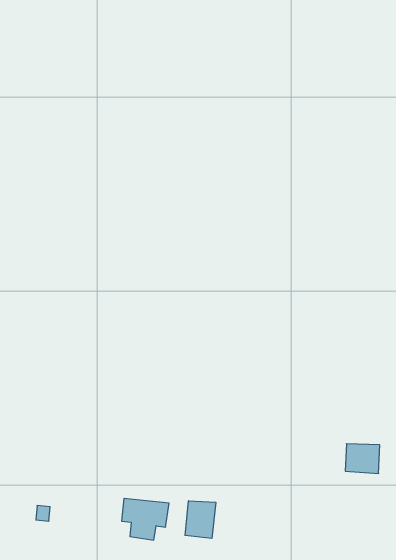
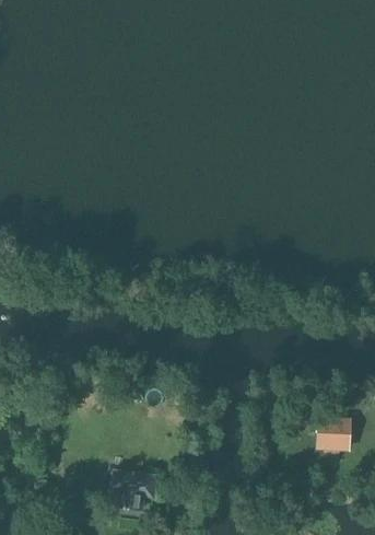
building: [185,501,216,538] -> none

